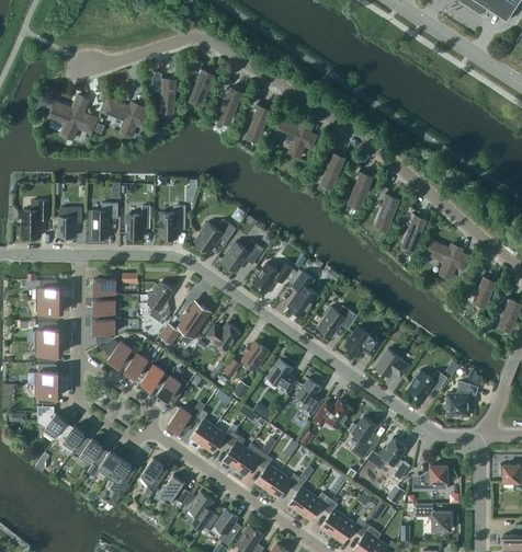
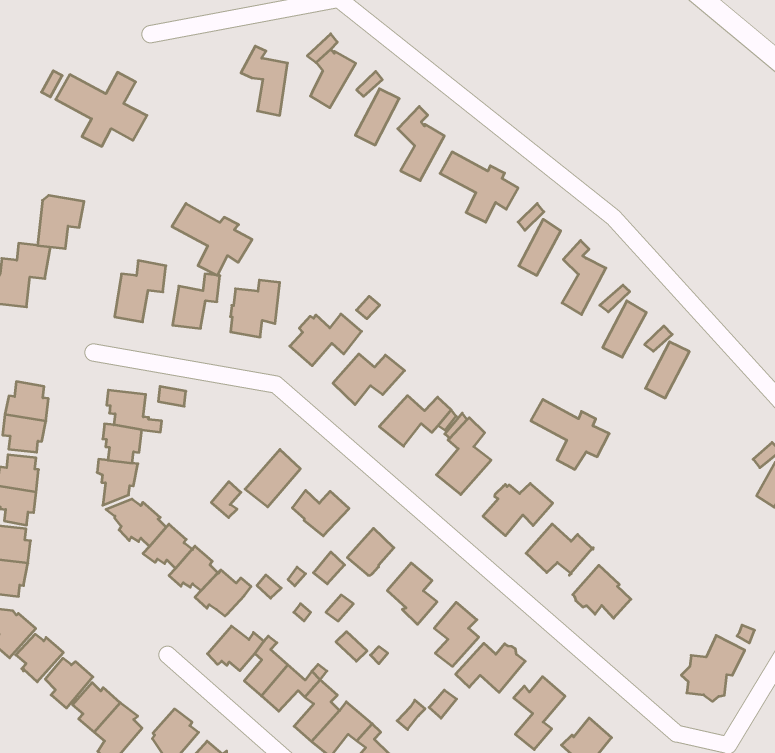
building: [101,97,148,137] -> [172,203,252,275]
building: [57,207,81,237] -> [37,195,84,249]
building: [421,240,467,278] -> [531,399,609,469]
building: [147,283,172,324] -> none
building: [407,370,446,400] -> none

